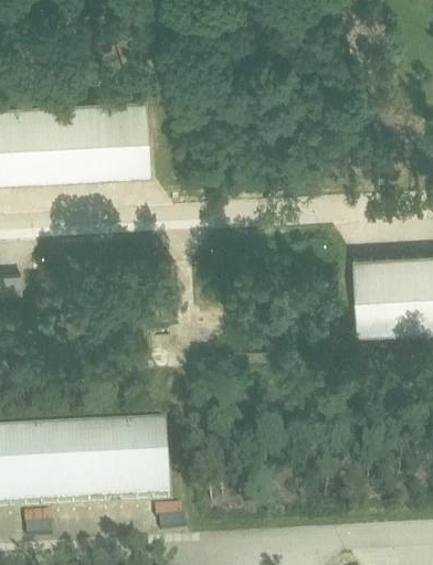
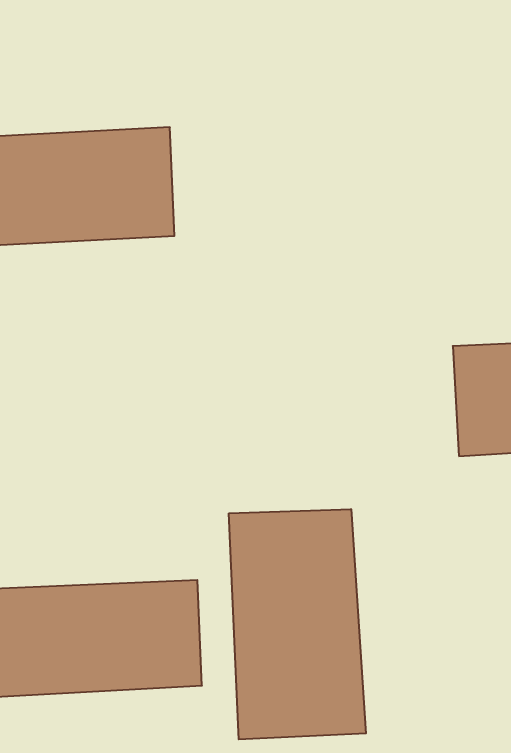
building: none -> [229,509,366,739]

